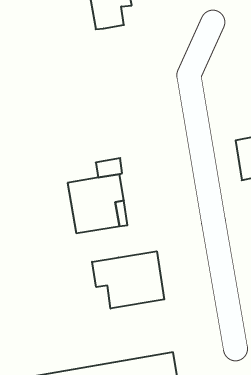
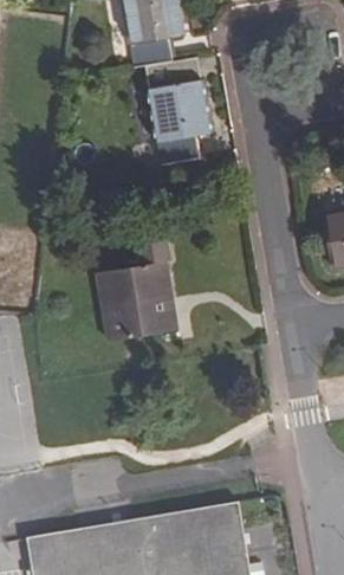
building: none -> [144,58,210,166]
building: [92,251,164,309] -> none

